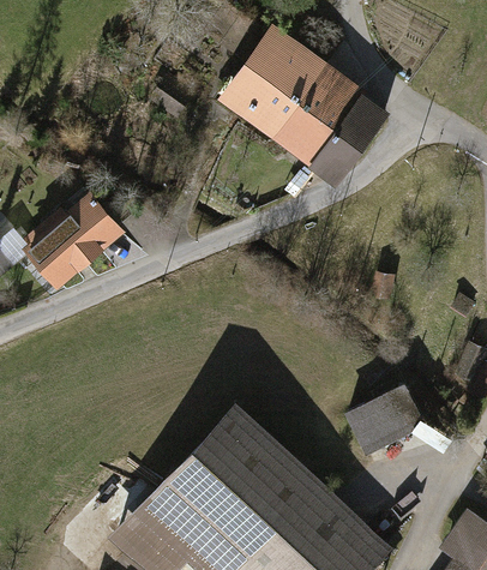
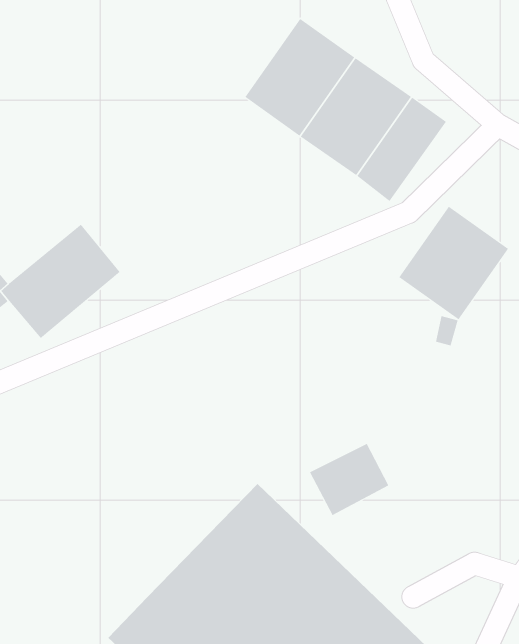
building: none -> [399,206,509,320]
building: [356,388,422,448] -> [309,443,389,516]

